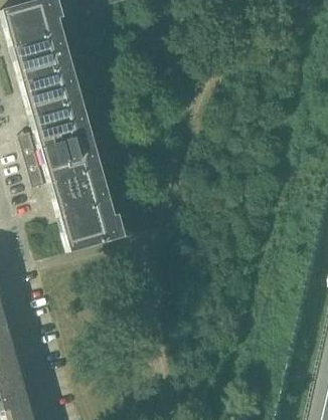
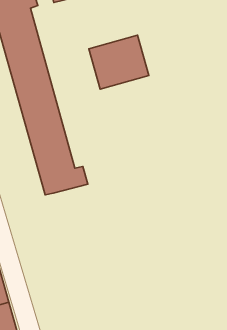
building: none -> [89,35,149,89]

